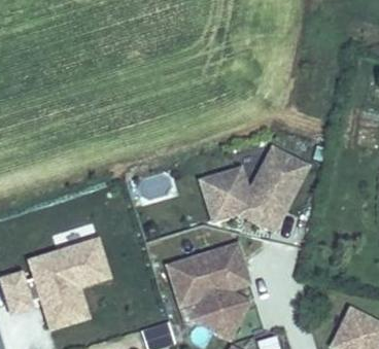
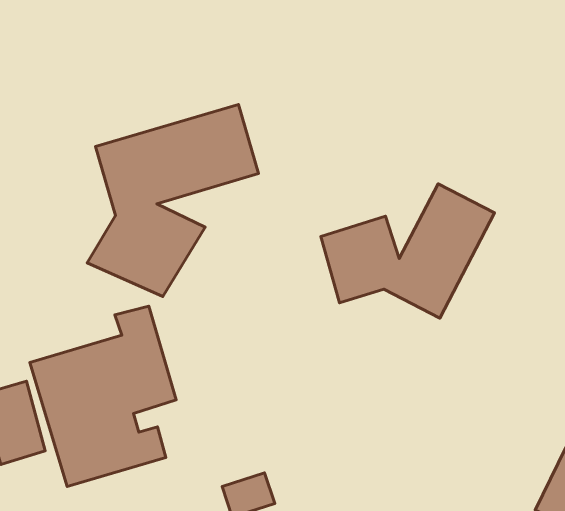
building: none -> [87,105,259,297]
building: [168,243,248,337] -> none

